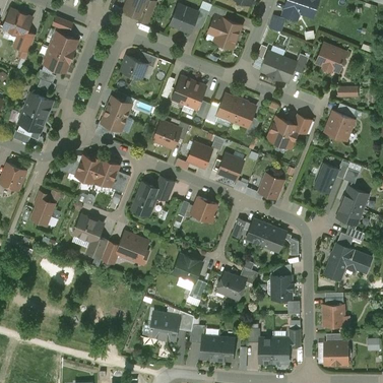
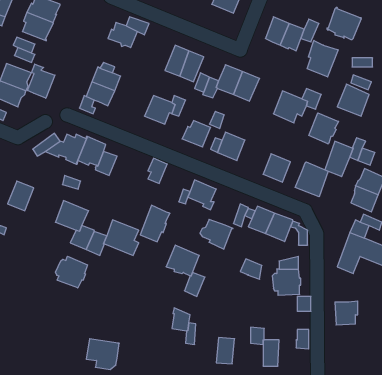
building: none -> [307,40,338,77]
building: none -> [28,64,55,98]
building: none -> [309,113,339,144]
building: none -> [295,162,328,197]
building: [132,183,158,215] -> [140,205,170,242]
building: none -> [55,256,88,288]
building: [215,273,245,300] -> [200,219,233,249]
building: [149,312,179,339] -> [86,339,119,370]
building: [200,336,218,360] -> none
building: [271,339,288,363] -> none
building: [323,343,346,365] -> none

